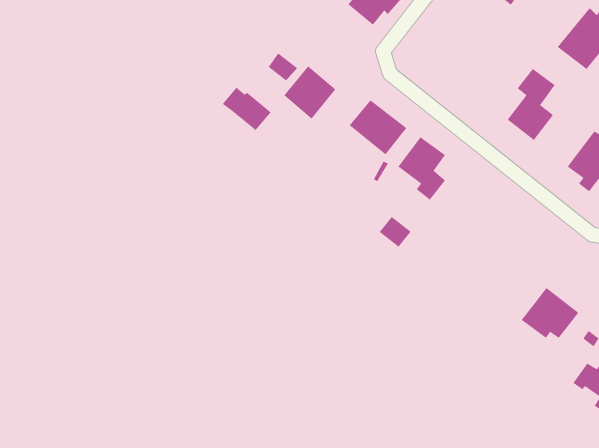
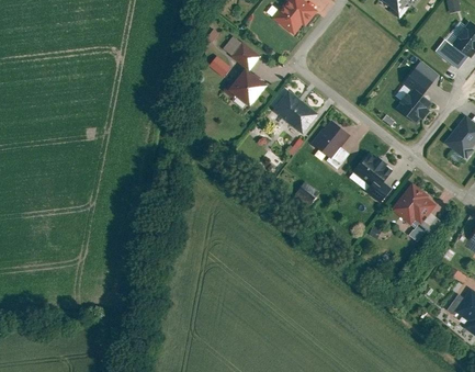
building: [222,87,272,131] -> [224,36,262,70]
building: none -> [350,151,393,202]
building: [521,287,579,338] -> [392,183,437,223]

